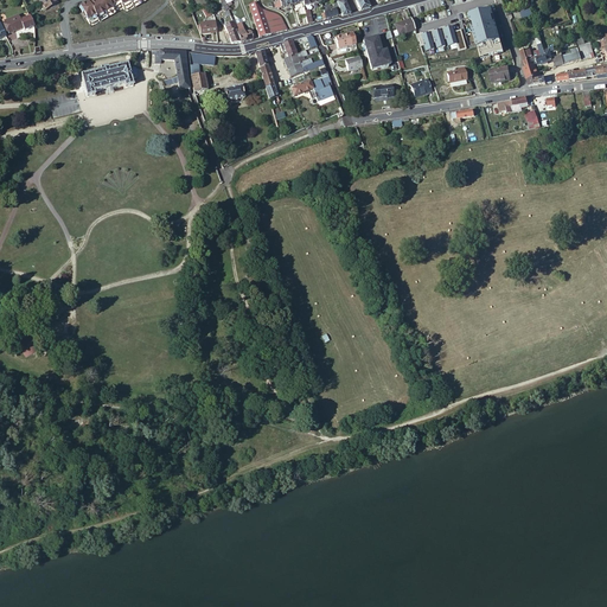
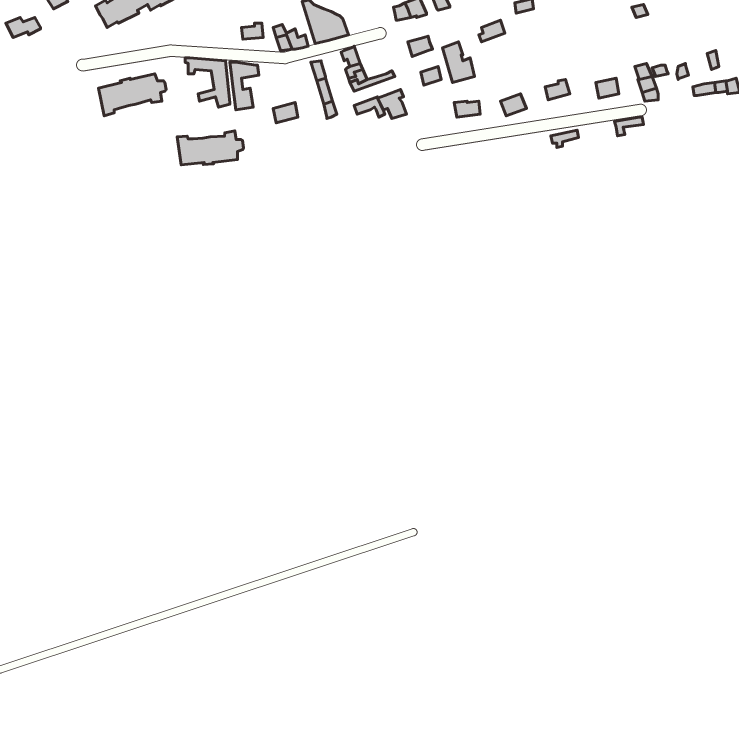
building: [471,7,504,56] -> none
building: [418,25,456,50] -> none
building: none -> [177,131,244,165]

